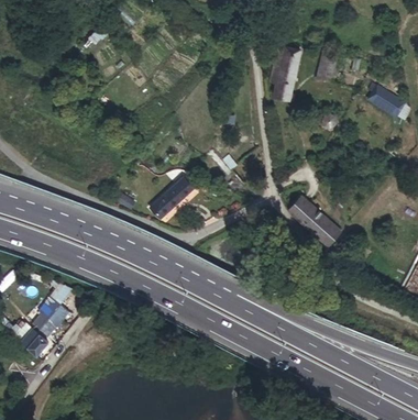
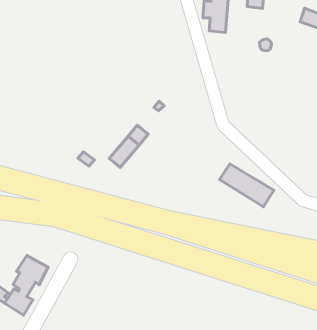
building: [288,196,342,245] -> [219,164,274,207]

